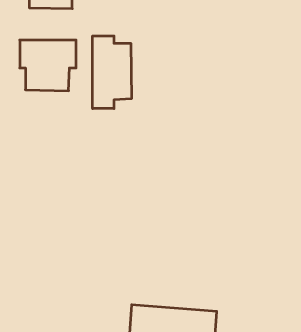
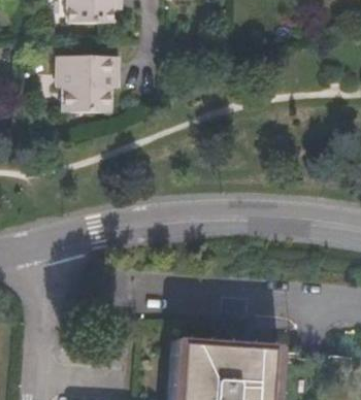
building: [93,36,131,109] -> none

